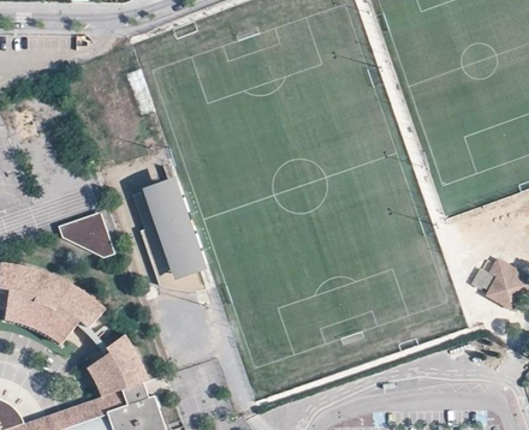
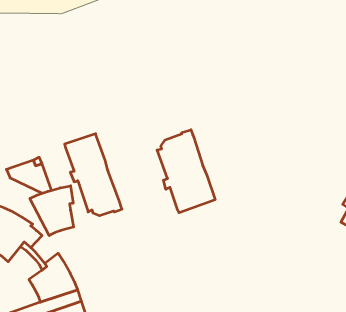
building: none -> [157,130,215,213]
building: none -> [30,186,74,236]

